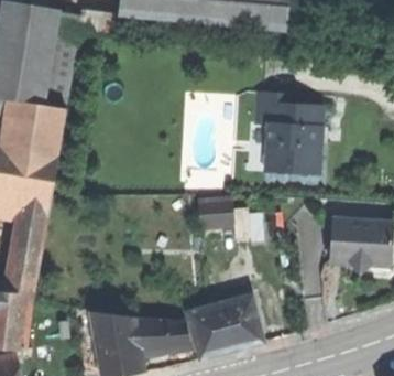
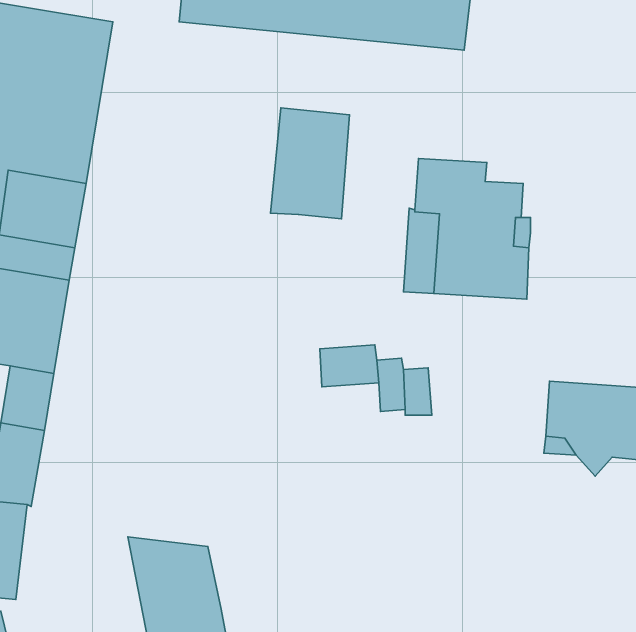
building: none -> [270,108,349,219]
building: [188,297,263,359] -> none
building: [134,318,190,354] -> none

